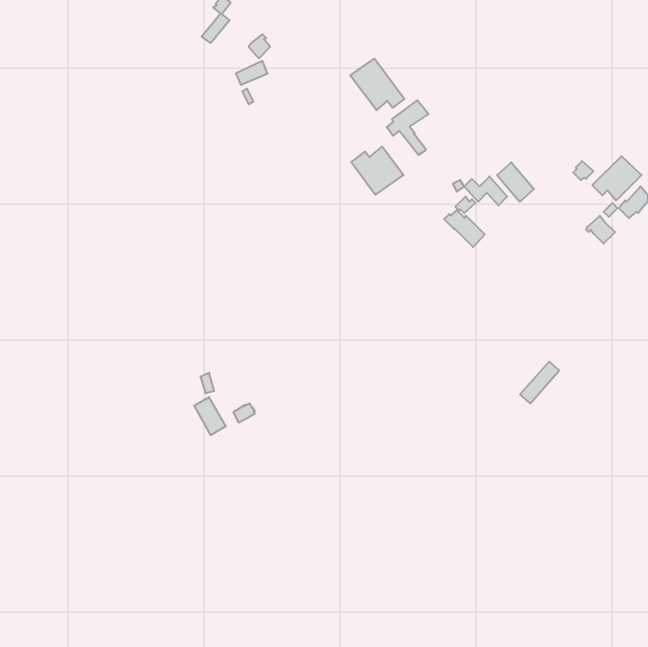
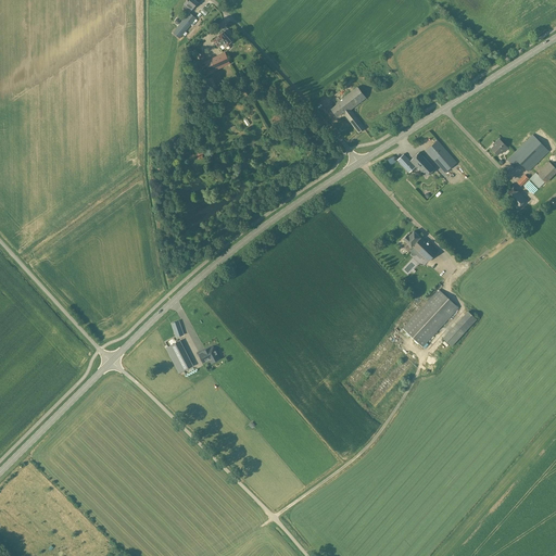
building: [350,59,404,110] -> none
building: [351,147,403,195] -> none
building: [444,210,485,247] -> [403,230,438,262]
building: none -> [402,288,459,346]

